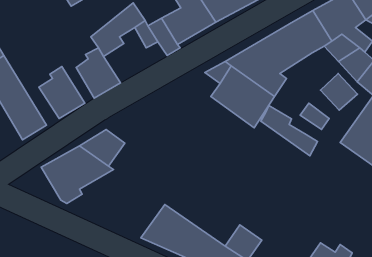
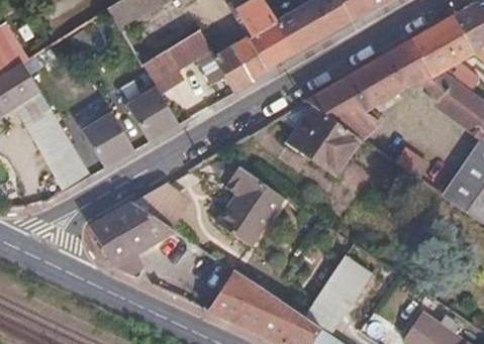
building: [320,73,357,110] -> none
building: [261,105,318,156] -> none
building: none -> [214,164,281,242]
building: none -> [322,256,374,311]

